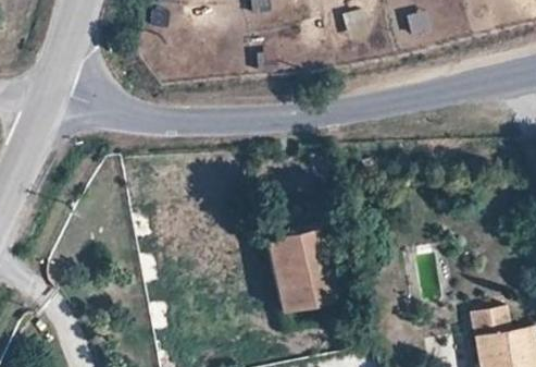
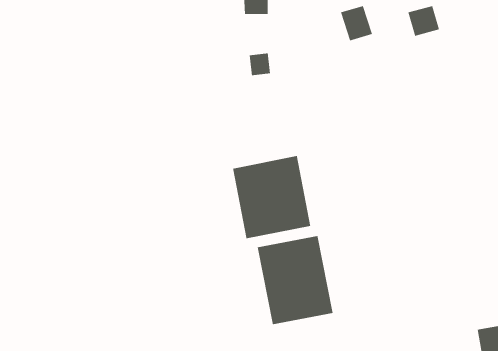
building: none -> [232,155,311,239]

